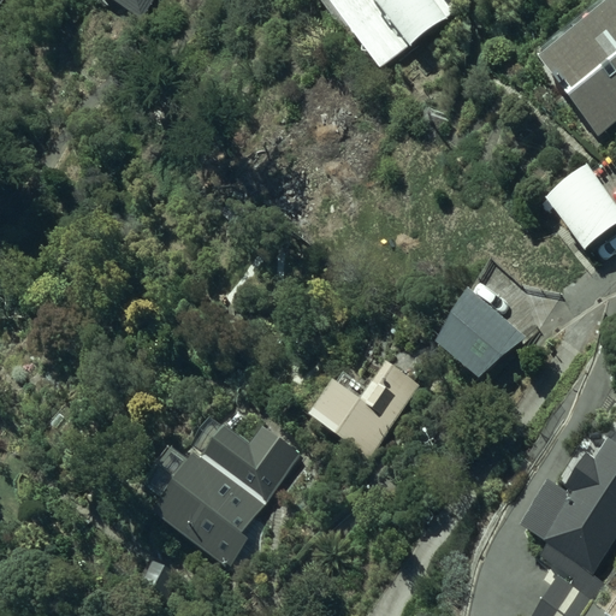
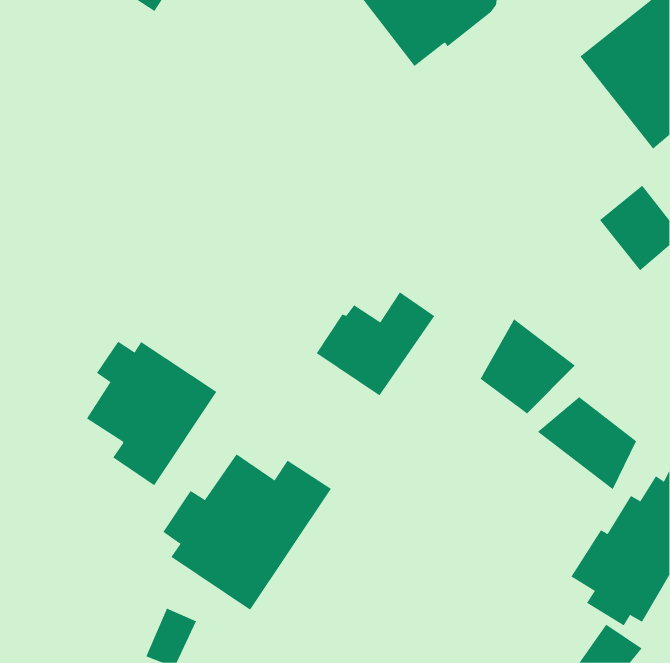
building: none -> [86,341,217,486]
building: [310,360,420,456] -> [316,291,435,396]
building: none -> [537,396,637,490]

